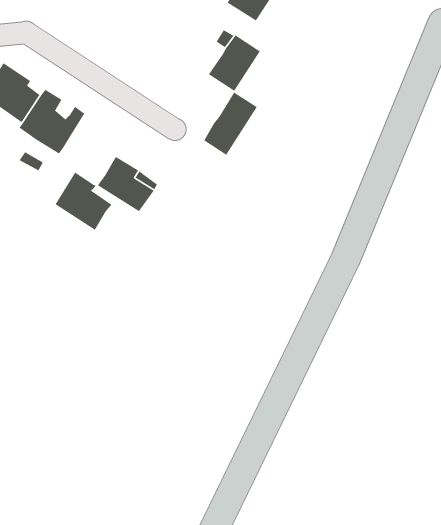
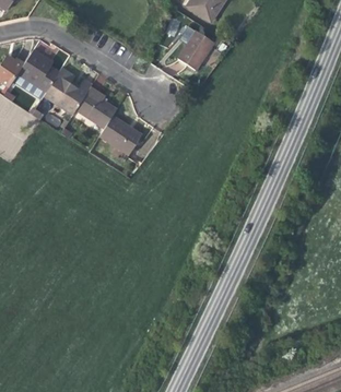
building: [202,91,258,156] -> none
building: [55,172,112,231] -> [75,86,116,128]

